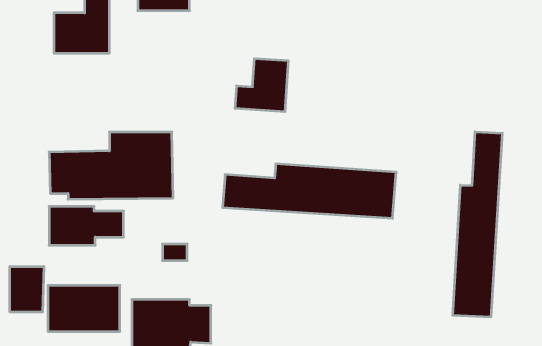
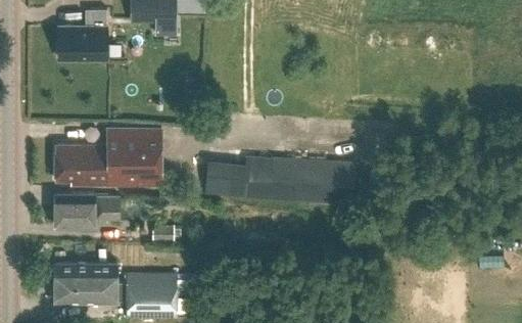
building: [235,59,288,112] -> none
building: [453,132,502,317] -> none
building: [10,266,44,312] -> none

